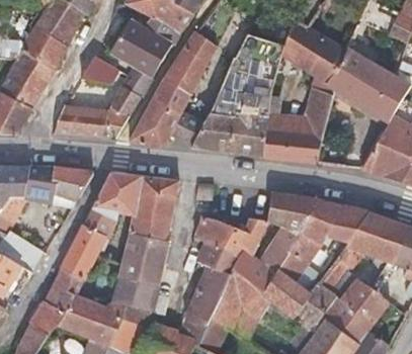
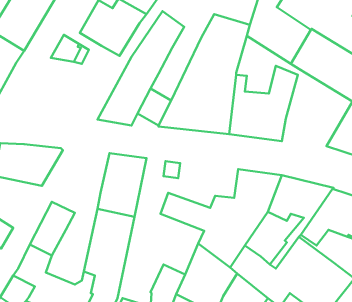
building: [54,66,152,138] -> none
building: [83,172,142,255] -> none
building: [279,235,322,280] -> none
building: [191,237,238,298] -> none

